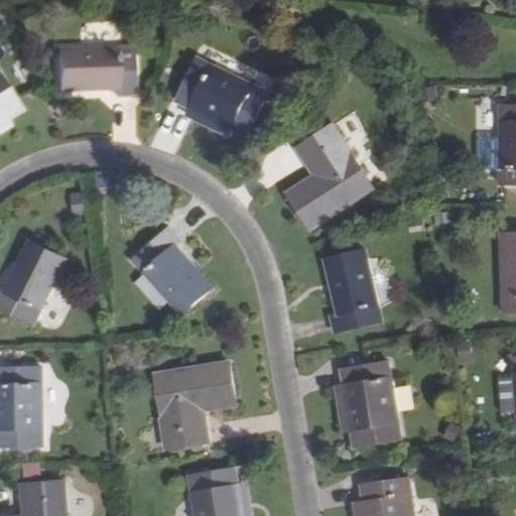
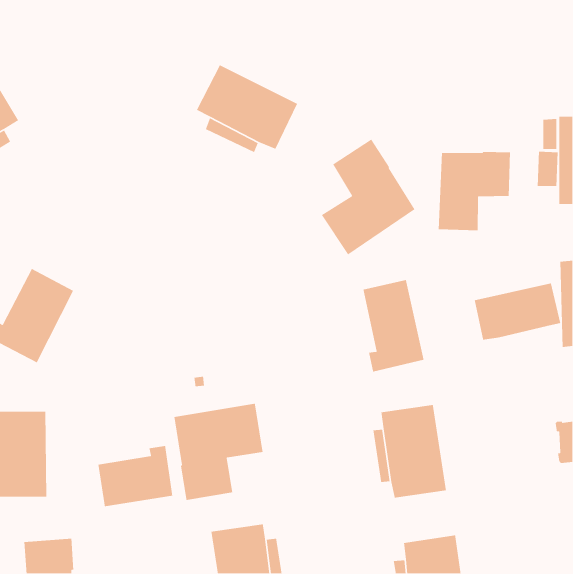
building: [56,48,132,96] -> none
building: none -> [438,151,511,231]
building: [132,229,211,313] -> none
building: none -> [474,282,561,341]
building: none -> [97,445,173,507]

